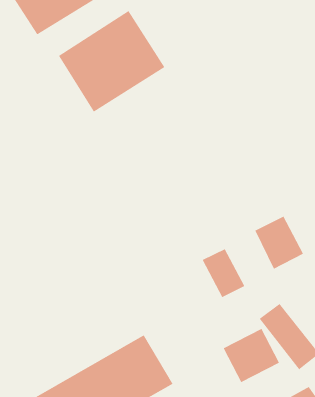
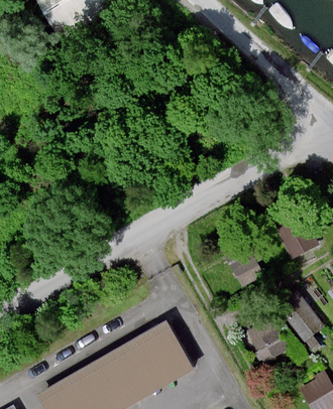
building: [58,10,165,113] -> none

